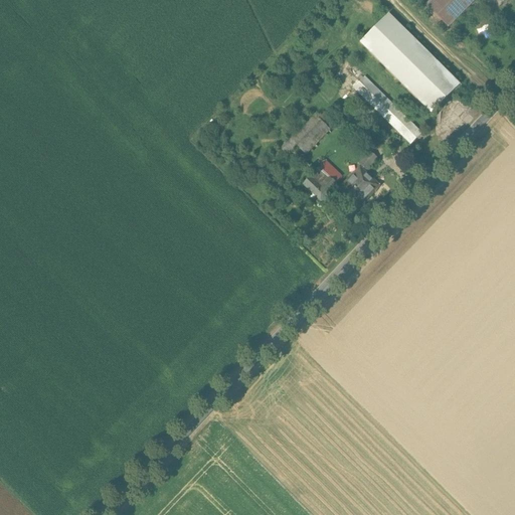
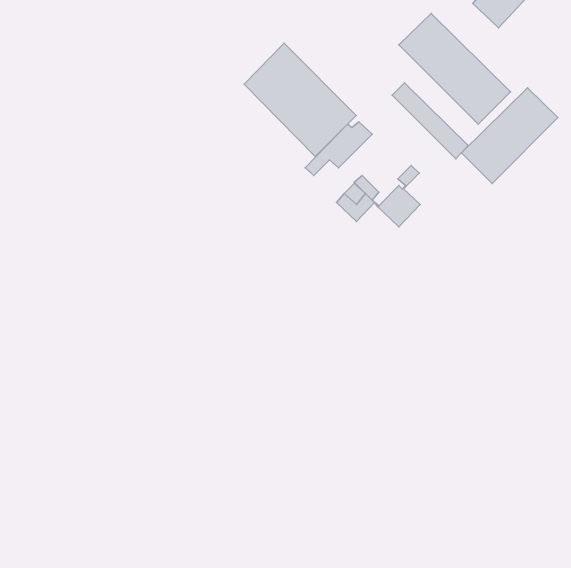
building: none -> [244,43,356,157]
building: none -> [461,88,558,183]

